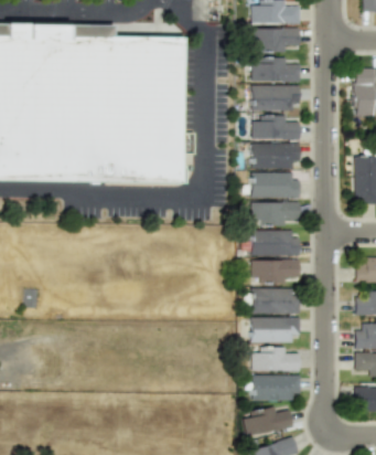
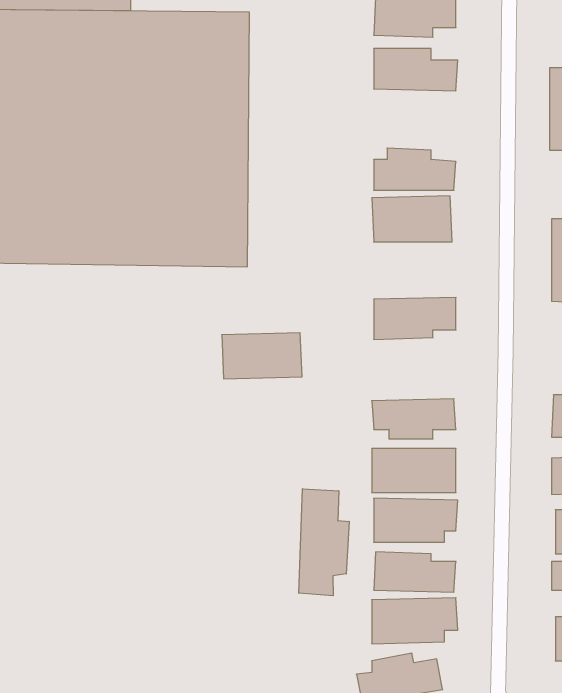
building: [253,85,299,110] -> none
building: [253,172,299,199] -> none
building: [253,230,299,256] -> [222,333,302,379]
building: none -> [299,489,349,596]

